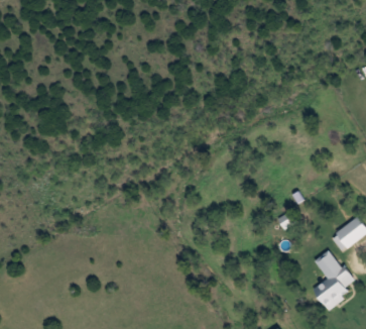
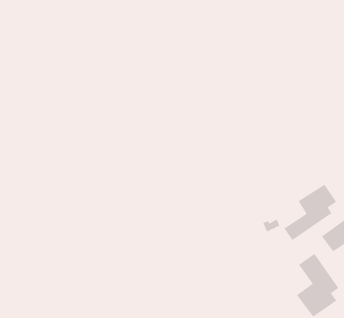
building: none -> [284,184,337,241]

